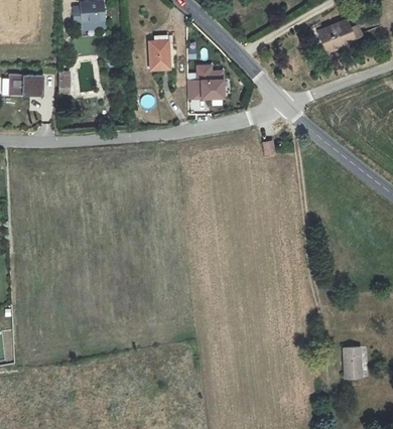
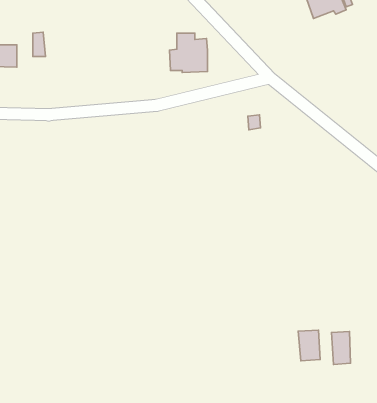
building: [147,40,170,73] -> none
building: none -> [298,330,320,361]

